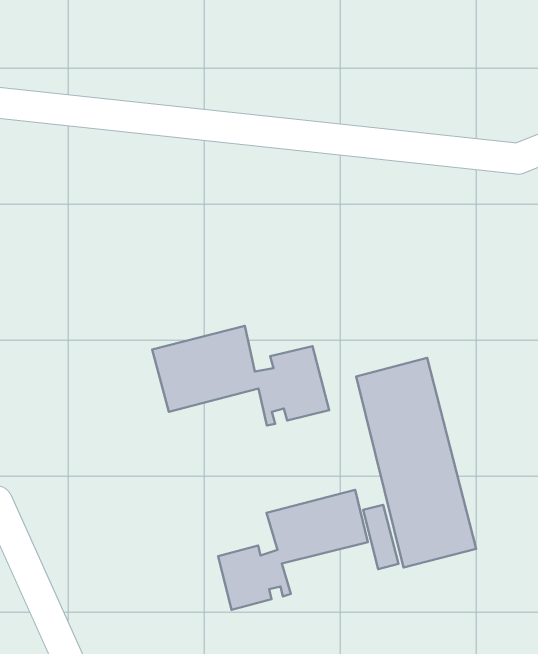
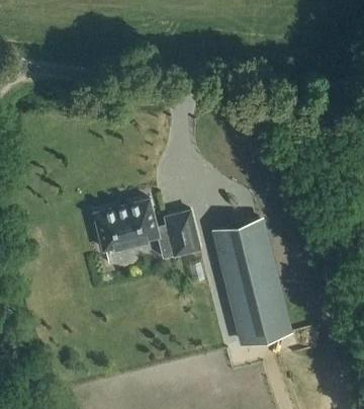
building: [218,490,368,610] -> none

